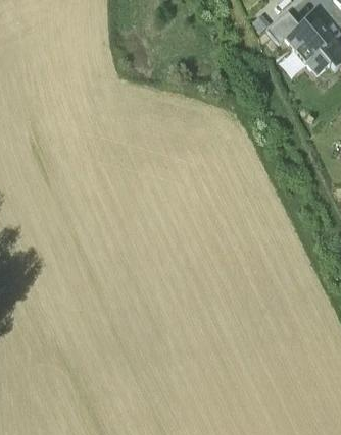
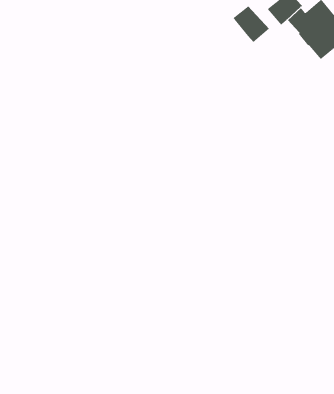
building: none -> [232,5,270,43]

